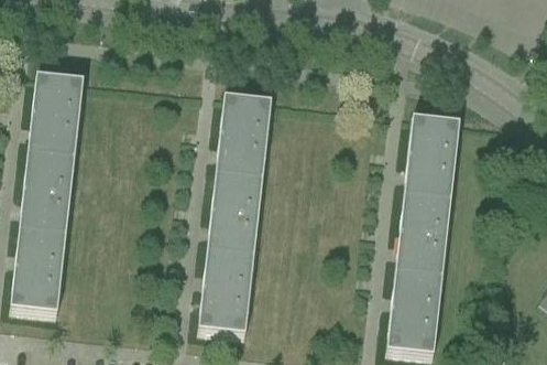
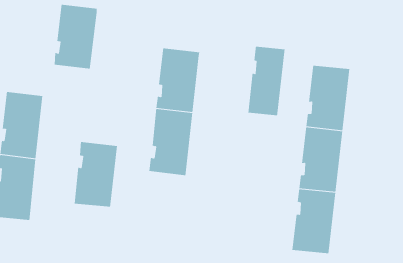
building: [29,69,84,151] -> [54,4,98,69]
building: none -> [248,46,285,116]
building: [199,246,254,329] -> [74,142,118,207]

